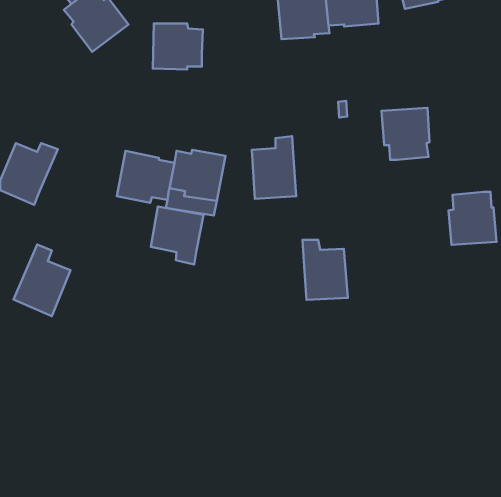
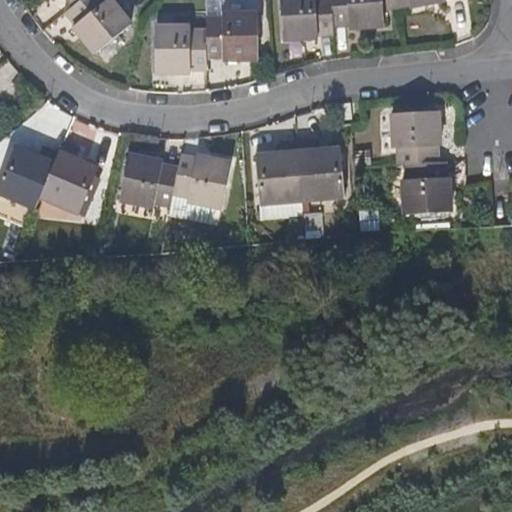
building: none -> [206,12,258,59]
building: [448,192,497,245] -> [401,160,450,214]
building: [151,206,203,264] -> none
building: [303,240,348,300] -> [298,139,344,200]
building: [14,245,70,316] -> [40,140,98,213]

